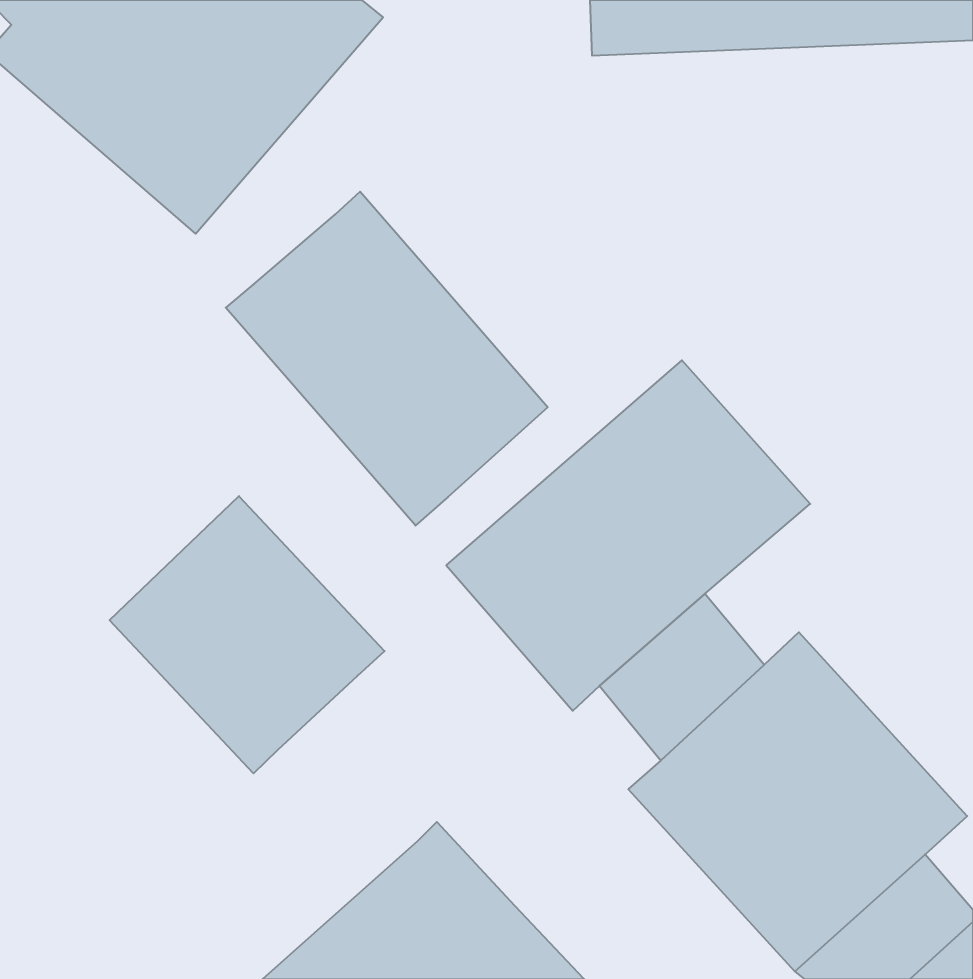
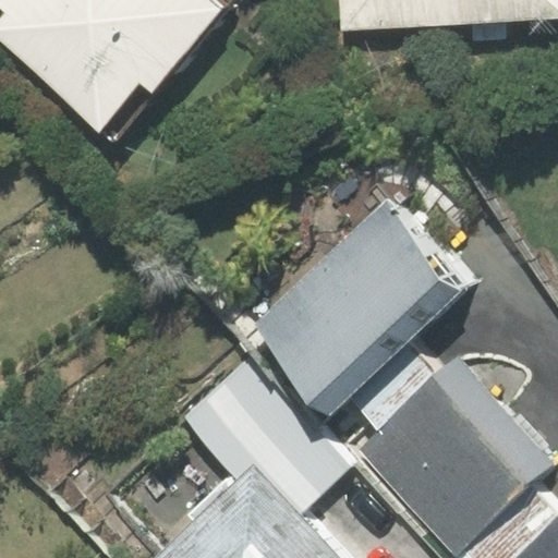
building: [226,192,548,526] -> none
building: [110,496,385,773] -> none
building: none -> [181,360,345,515]

